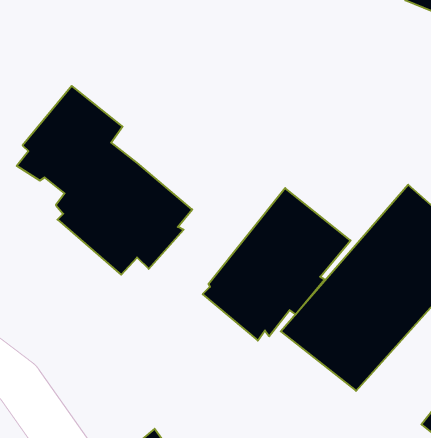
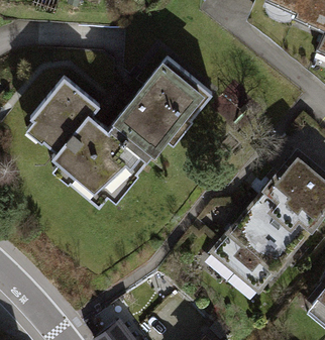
building: [203,188,351,341] -> [109,60,212,165]

